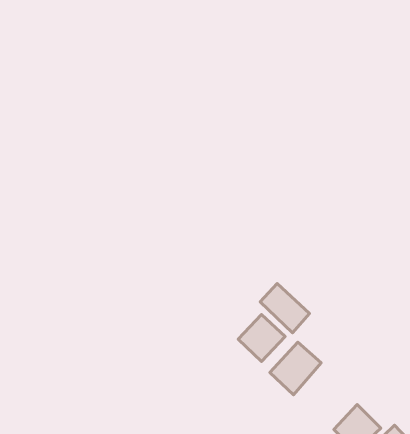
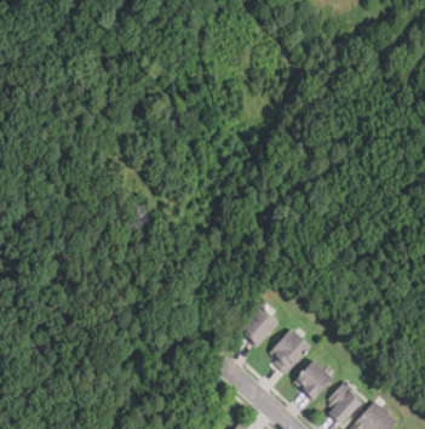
building: [260,284,309,333] -> none
building: none -> [294,359,334,399]

